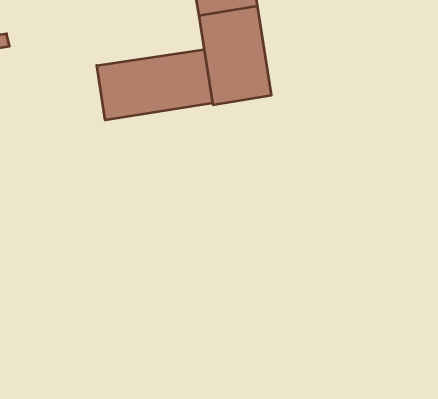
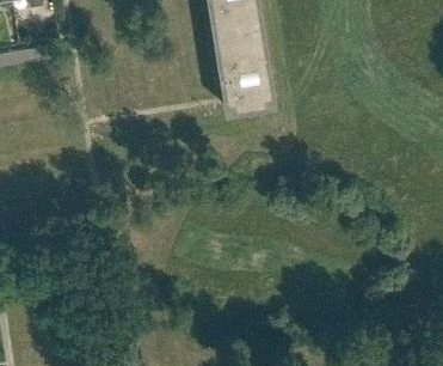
building: [97,50,212,120] -> none

